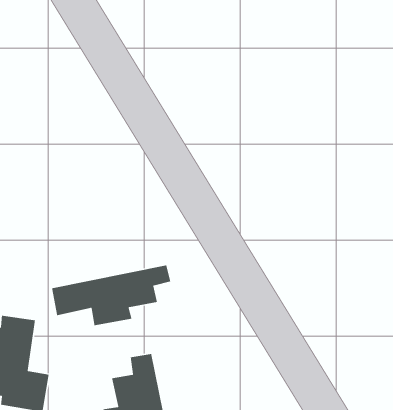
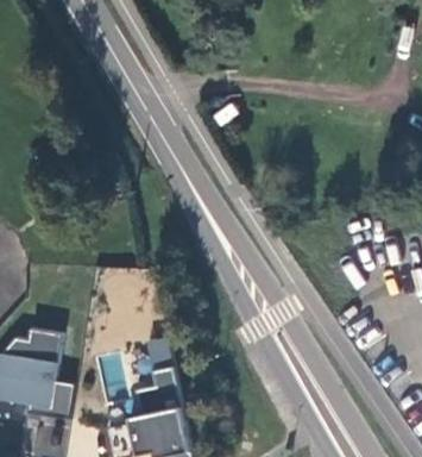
building: [51,265,171,326] -> none

